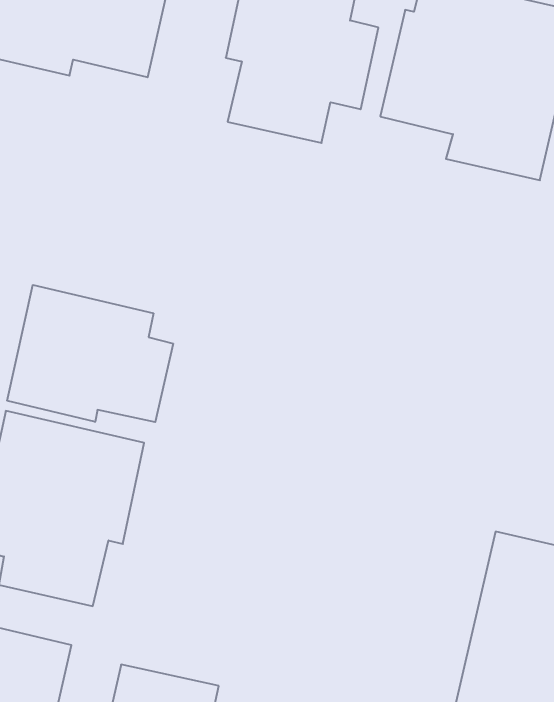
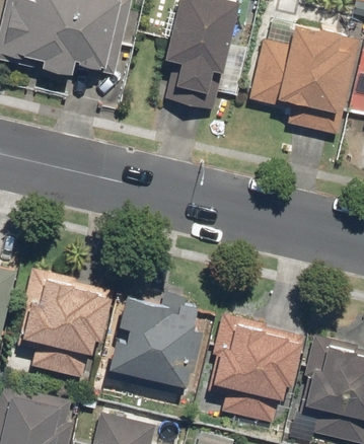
building: [7,285,173,422] -> none
building: none -> [103,296,205,395]
building: none -> [205,311,306,423]

